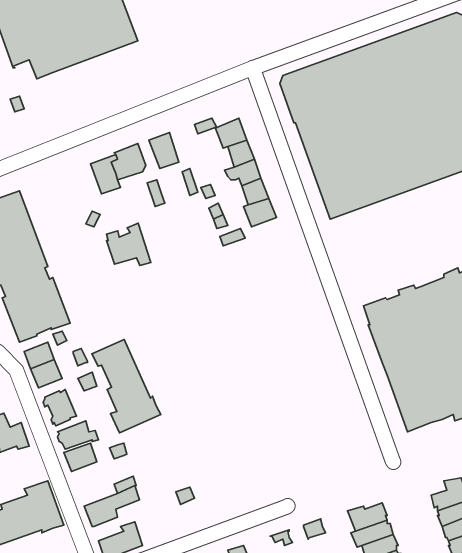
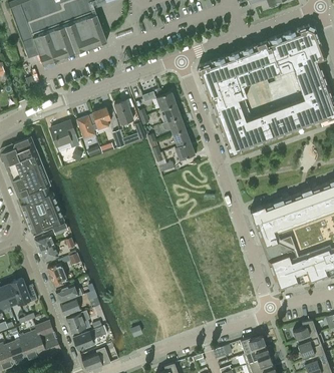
building: [107,223,151,266] -> [51,120,79,147]
building: [92,340,161,433] -> none
building: none -> [66,311,91,334]

